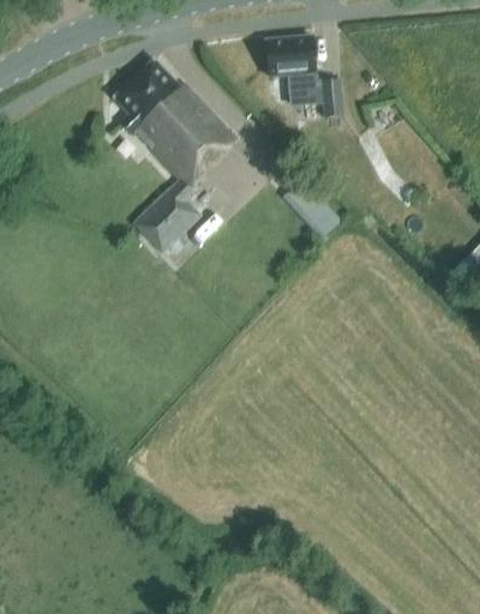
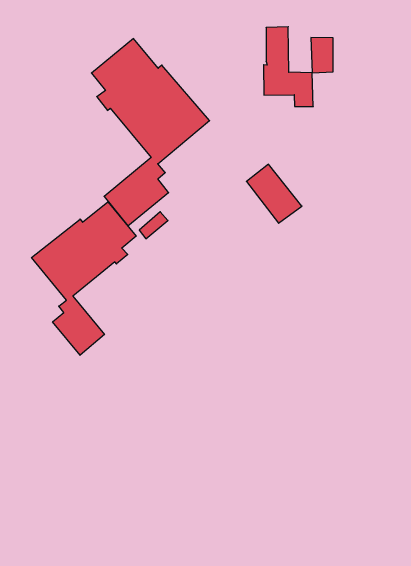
building: [266,38,292,76] -> [311,38,333,73]
building: none -> [32,202,136,355]

